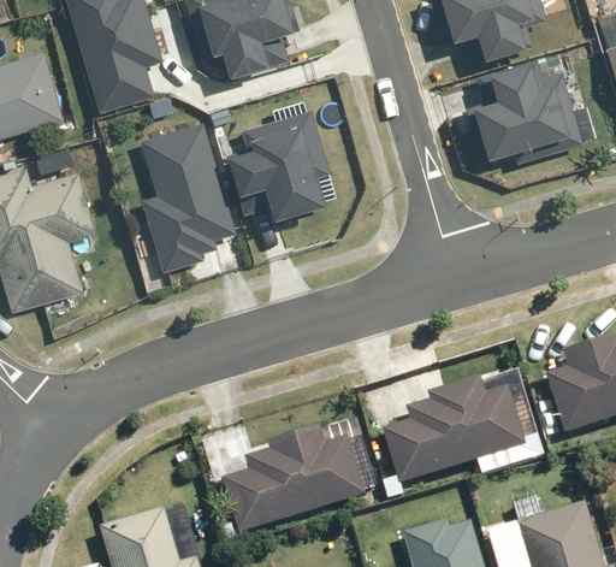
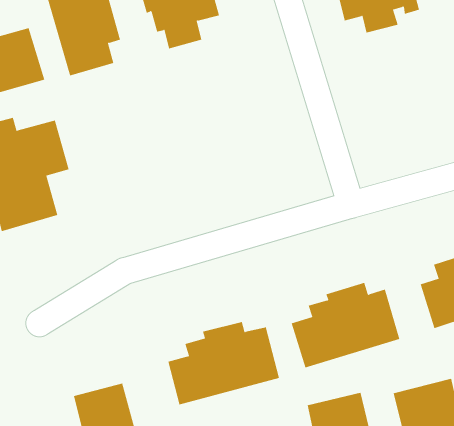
building: [473,61,584,164] -> none
building: [224,107,330,224] -> none
building: [141,123,232,272] -> none

